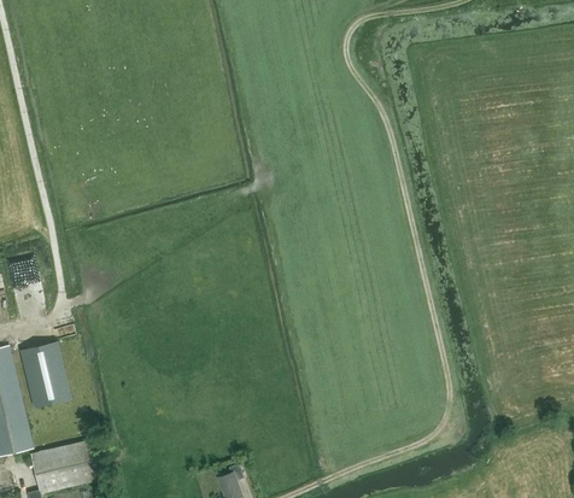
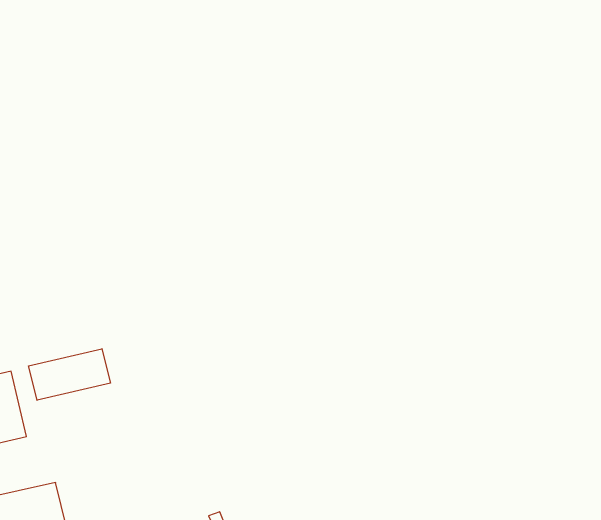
building: none -> [29,349,110,400]

